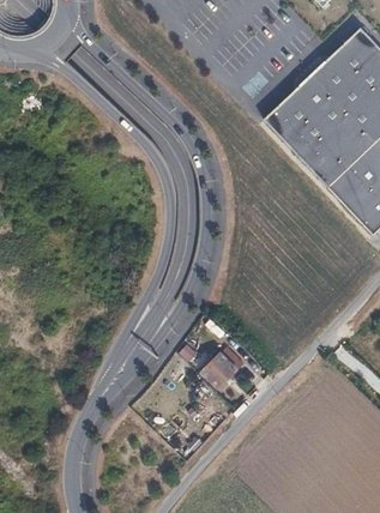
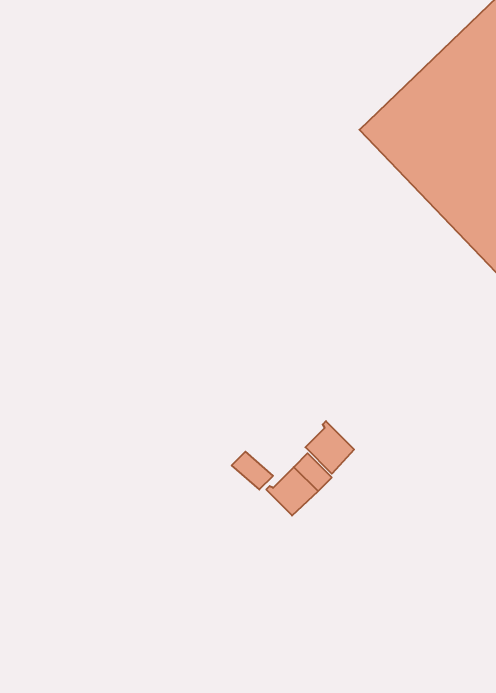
building: none -> [305,421,354,474]

